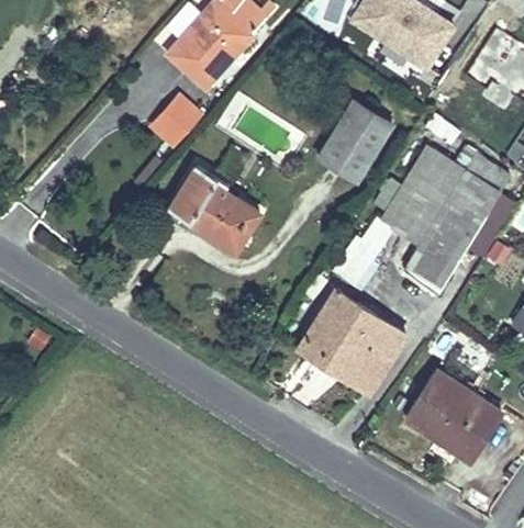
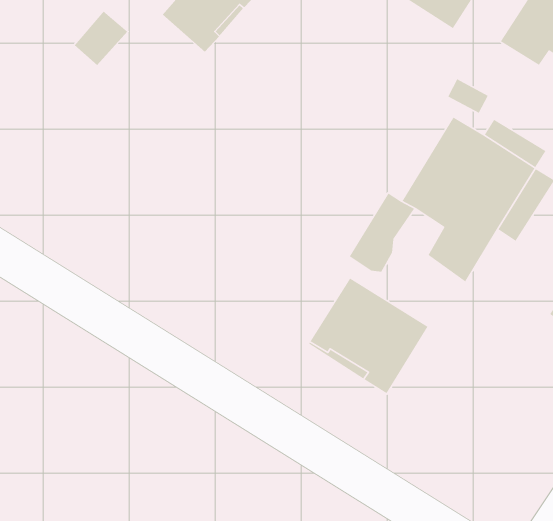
building: [152,96,200,145] -> [74,11,128,66]
building: [317,100,391,182] -> none
building: [168,165,259,251] -> none
building: [403,369,501,460] -> none

